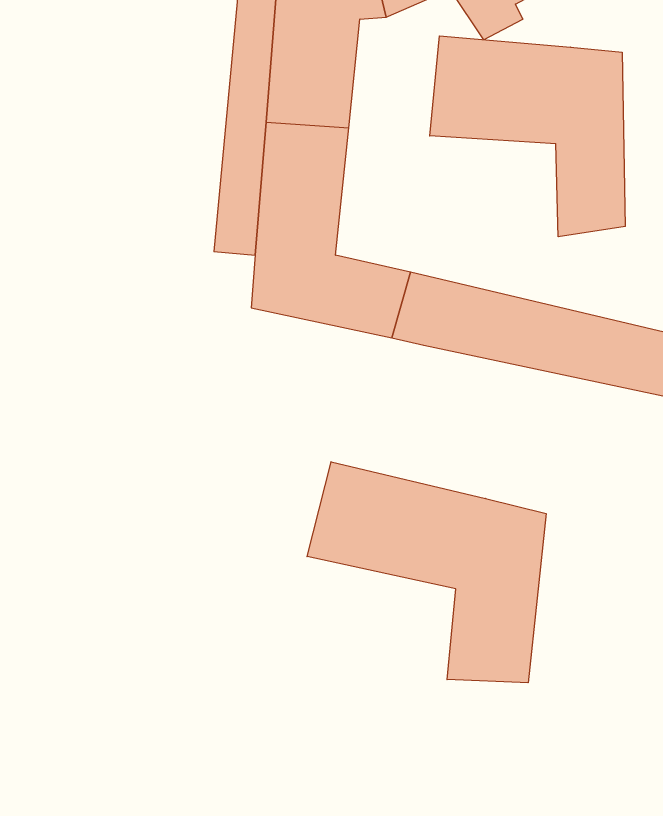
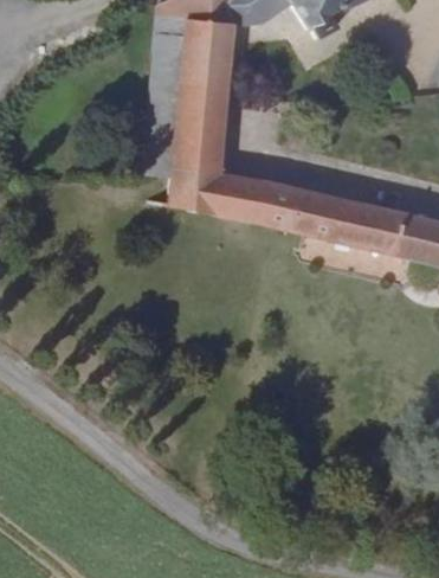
building: [430,36,625,237] -> none
building: [307,462,546,683] -> none

